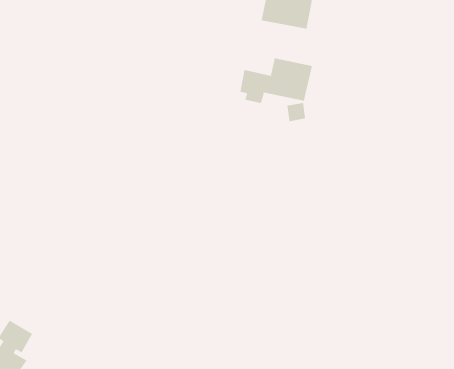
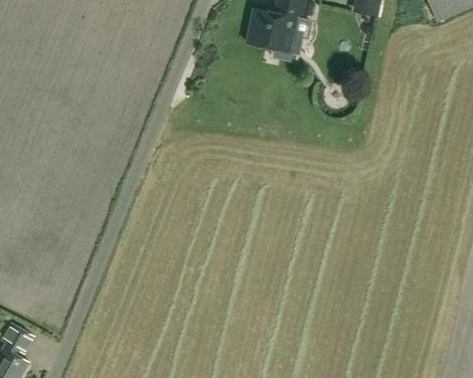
building: [240,58,313,104] -> none

